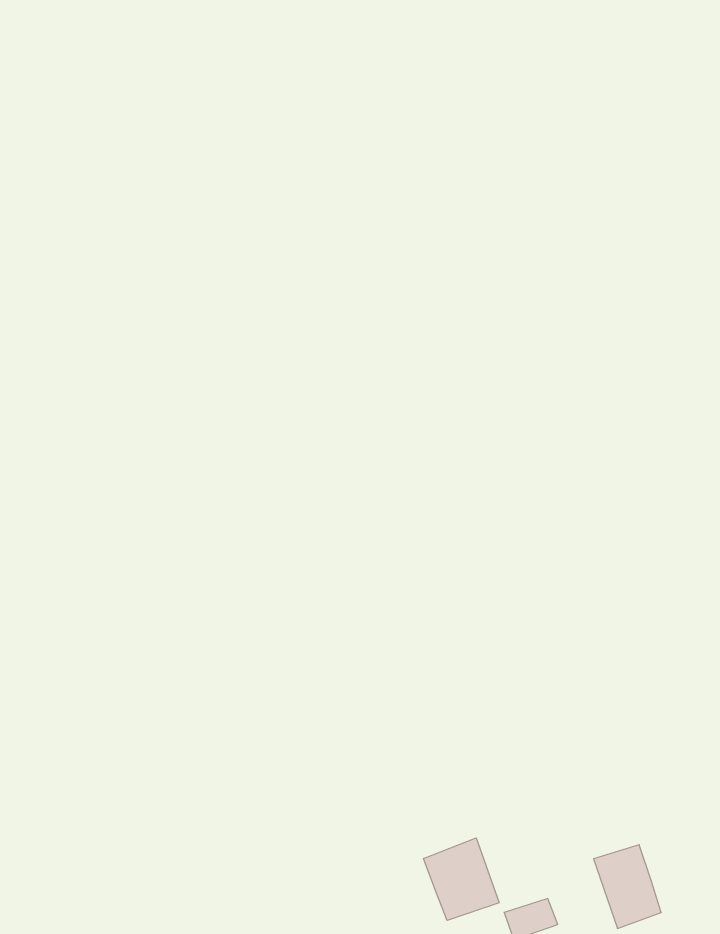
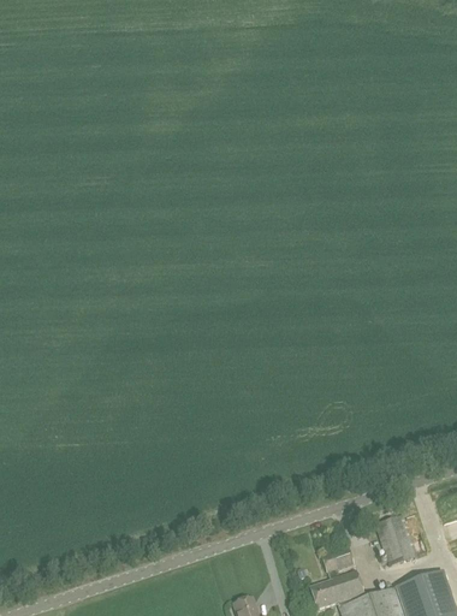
building: [424,838,499,920] -> none

